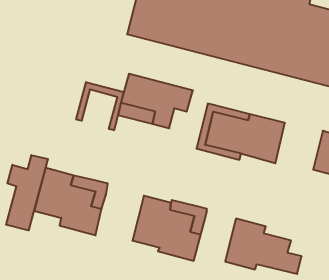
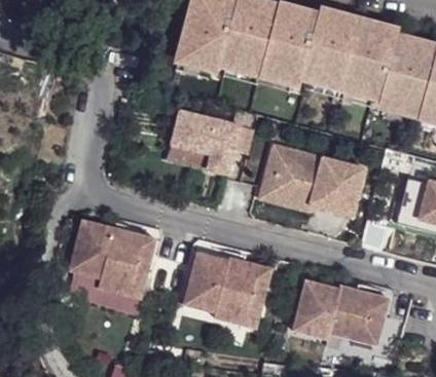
building: [76,82,124,130] -> none
building: [6,155,48,230] -> none
building: none -> [338,286,389,324]

